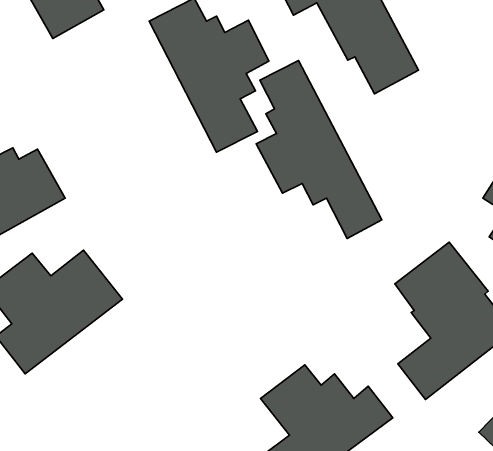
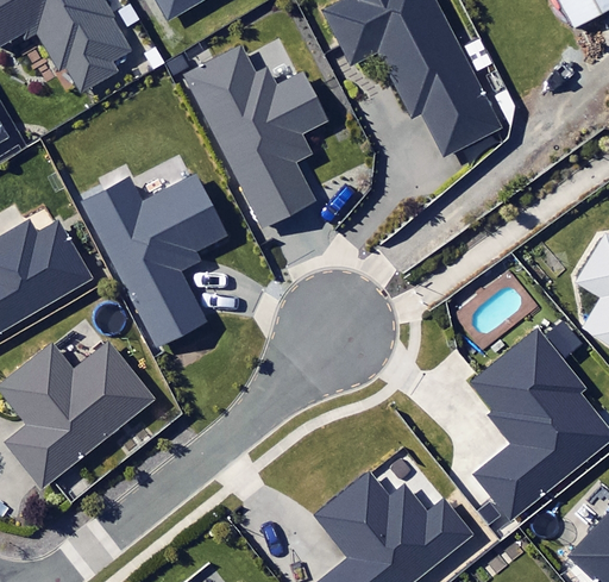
building: [256,60,382,239] -> none
building: none -> [84,177,221,344]

